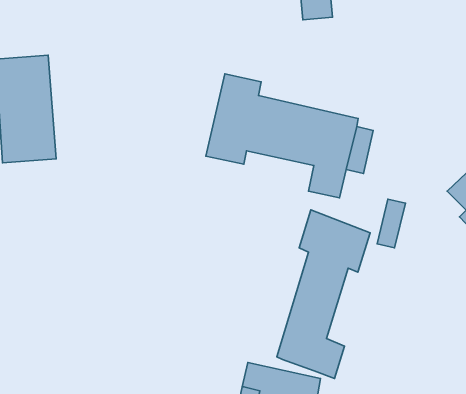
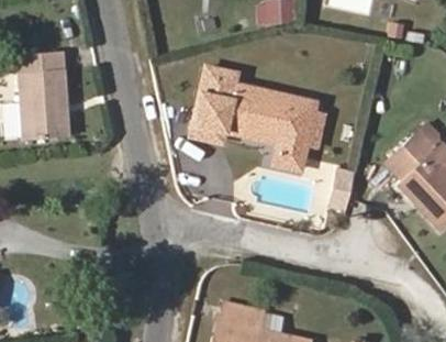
building: [277,210,370,378] -> none

